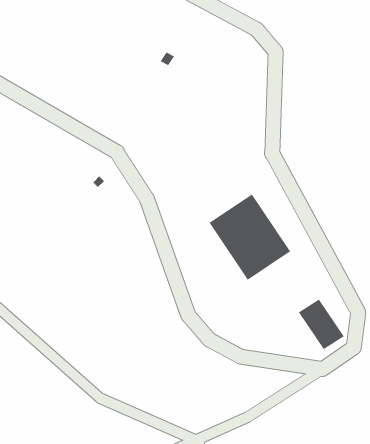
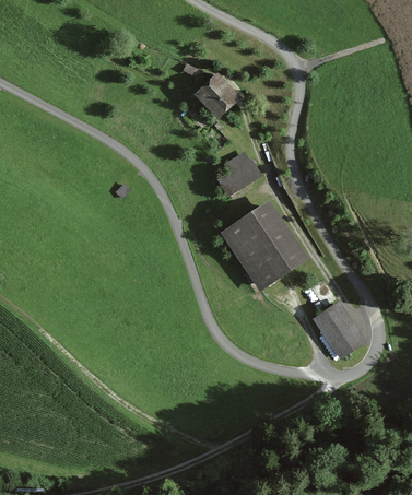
building: none -> [197,75,240,120]
building: none -> [216,155,254,192]

